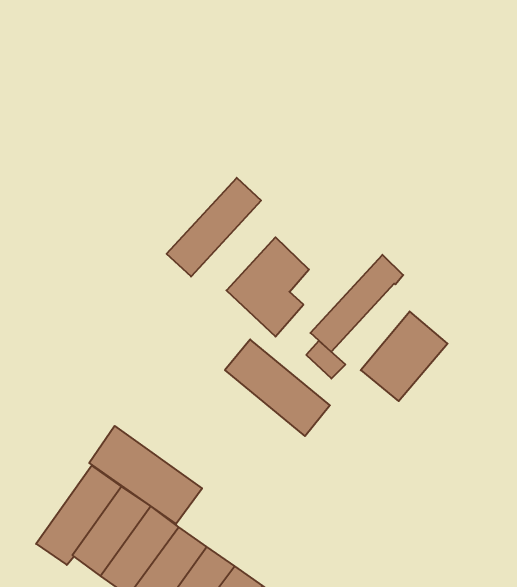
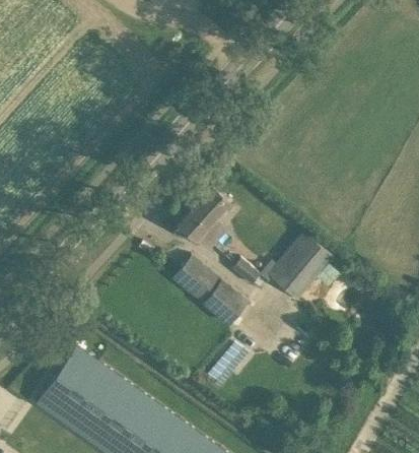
building: [167,178,261,277] -> none
building: [310,255,403,352] -> none
building: [89,426,202,524] -> none

